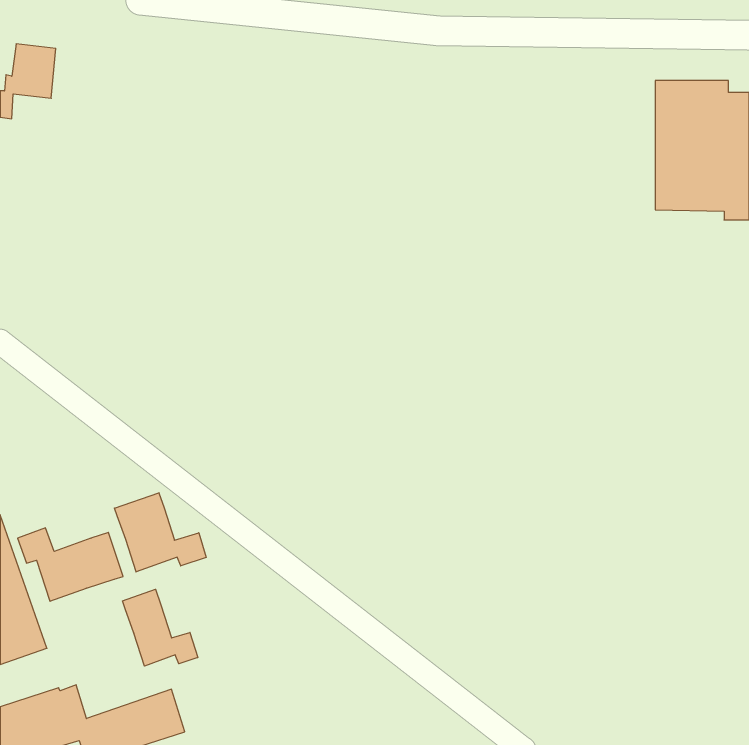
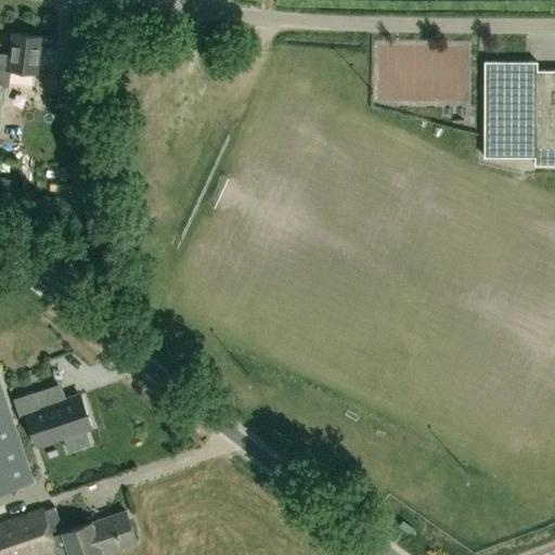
building: [114,493,206,572] -> none
building: [122,589,198,666] -> none

